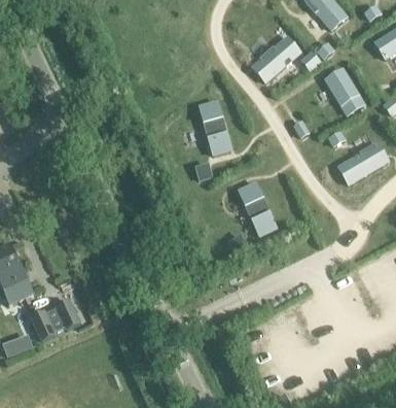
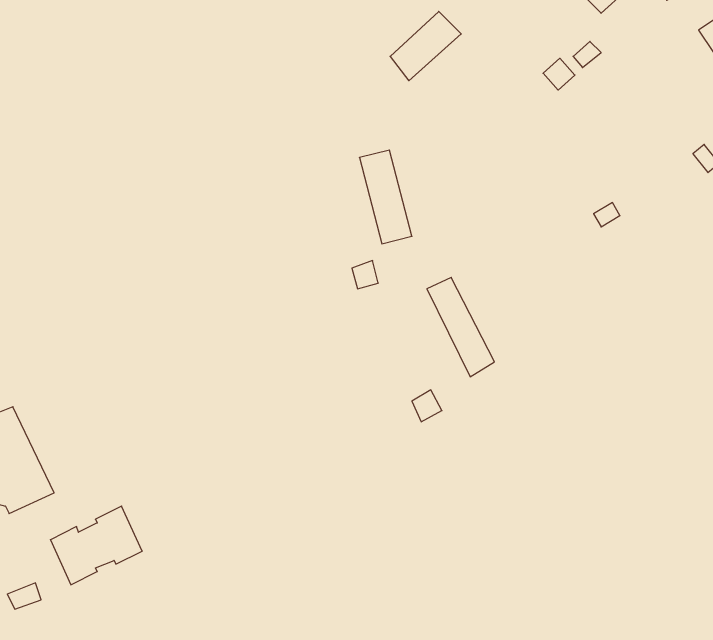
building: [256,39,295,77] -> [390,11,461,81]
building: [328,70,362,111] -> none
building: [341,145,381,180] -> none

